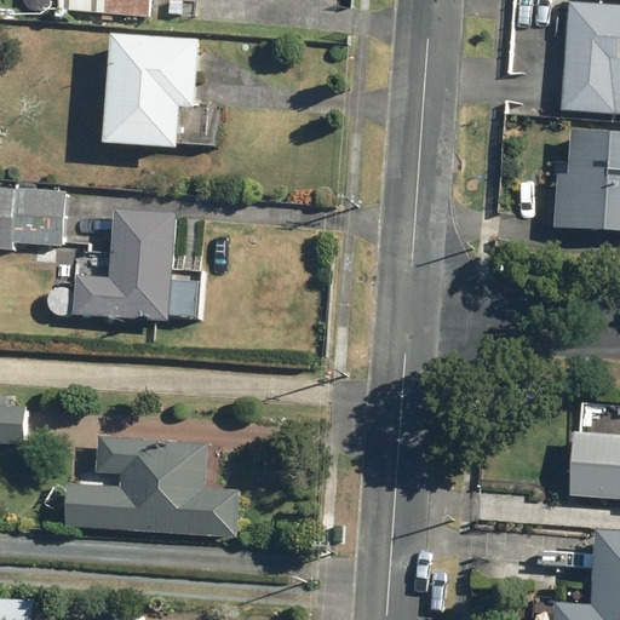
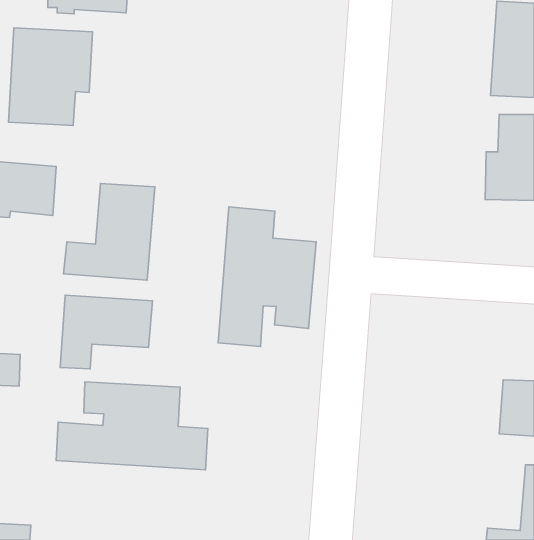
building: [108,35,203,147] -> [9,28,92,125]
building: none -> [218,207,316,346]
building: none -> [60,295,153,369]

